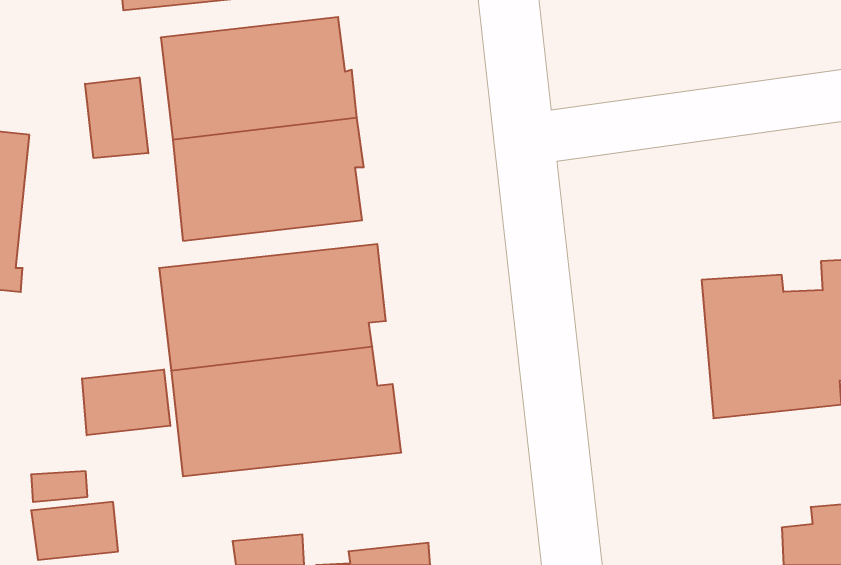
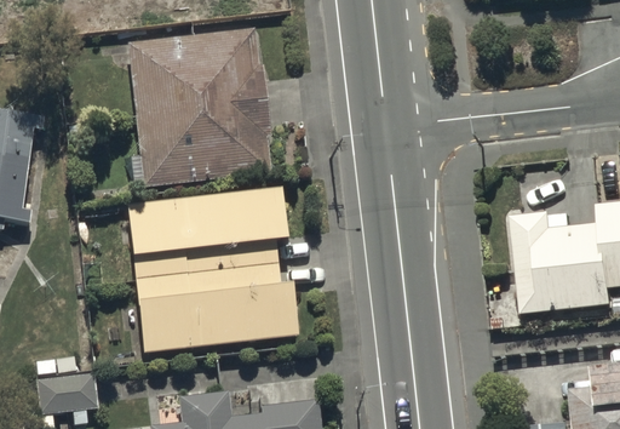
building: [85,77,148,158] -> none
building: [82,369,170,435] -> none

